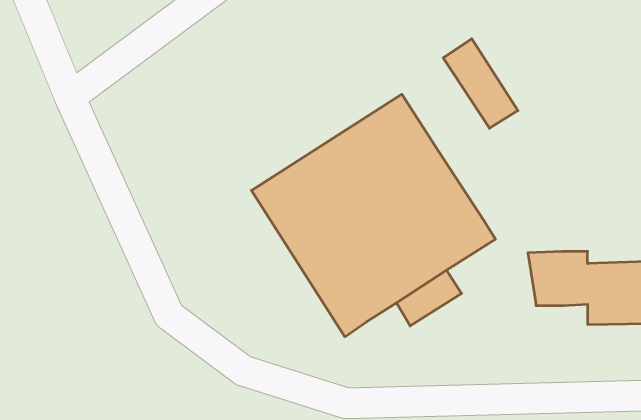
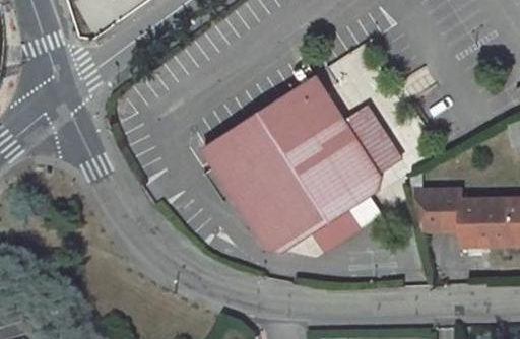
building: [443,39,518,128] -> [344,104,400,171]

